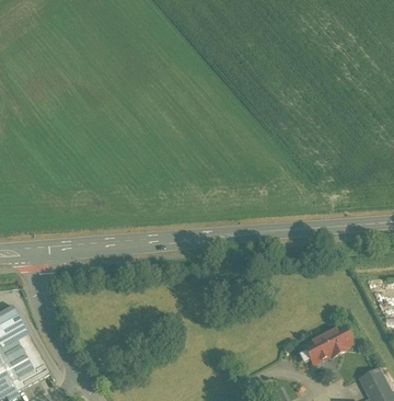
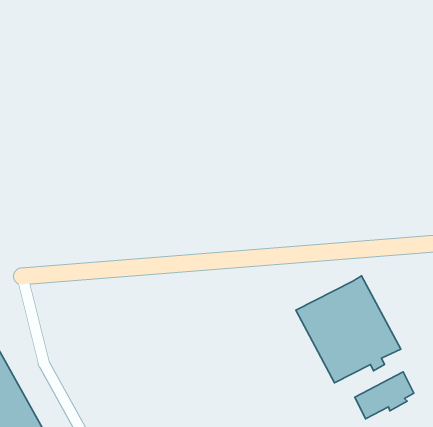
building: none -> [296,276,401,383]

